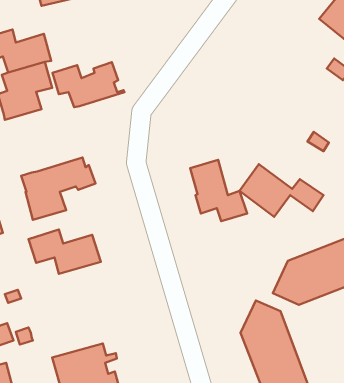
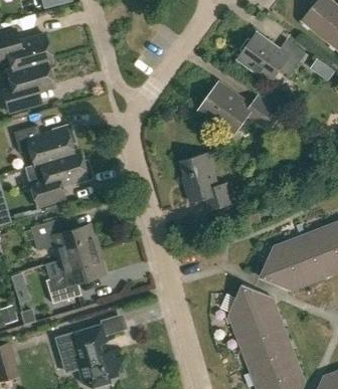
building: none -> [237,32,306,81]
building: [53,62,125,107] -> [14,122,81,164]
building: [240,164,324,217] -> [201,83,280,133]
building: none -> [46,247,106,302]

